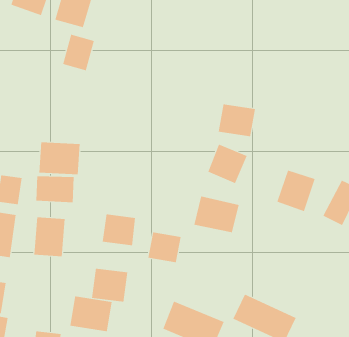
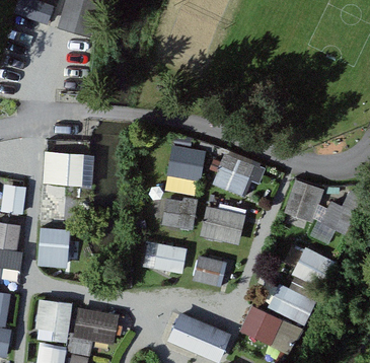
building: [62,34,94,71] -> none
building: [218,104,256,137] -> [166,145,205,178]
building: [102,214,136,246] -> [162,198,197,230]
building: none -> [292,247,337,289]
building: none -> [192,255,226,287]
building: [91,268,128,302] -> [35,298,73,333]
building: none -> [268,283,316,325]

